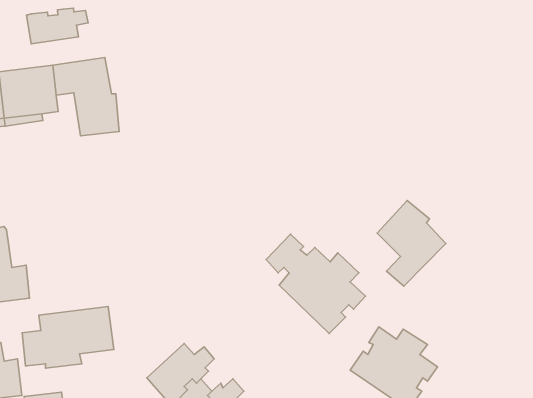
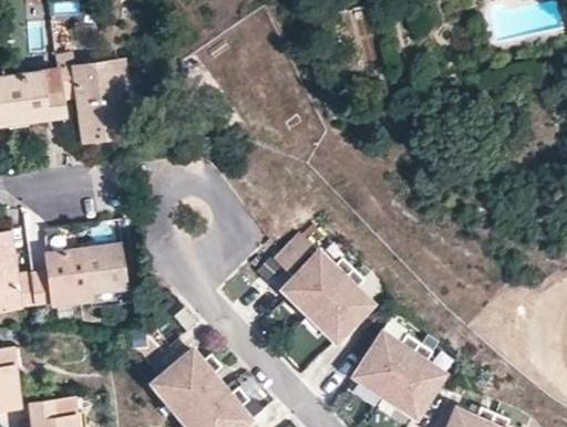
building: [26,8,88,44] -> none
building: [377,201,446,286] -> none
building: [22,306,114,368] -> [30,246,122,308]

